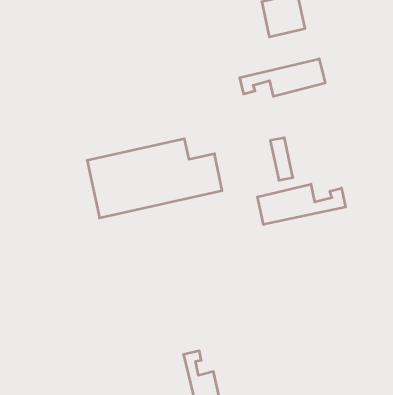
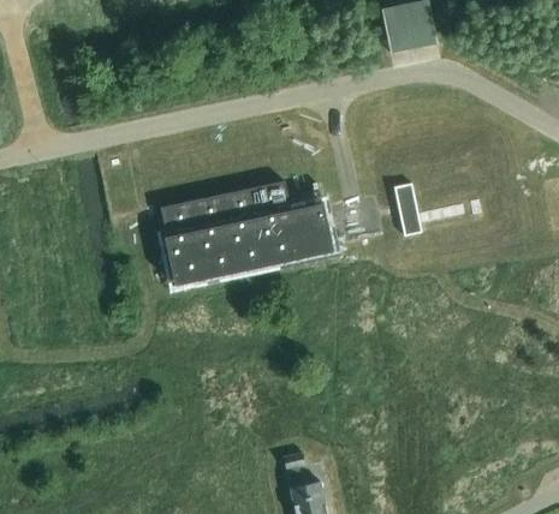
building: [240,59,325,96] -> none
building: [258,184,346,225] -> none

